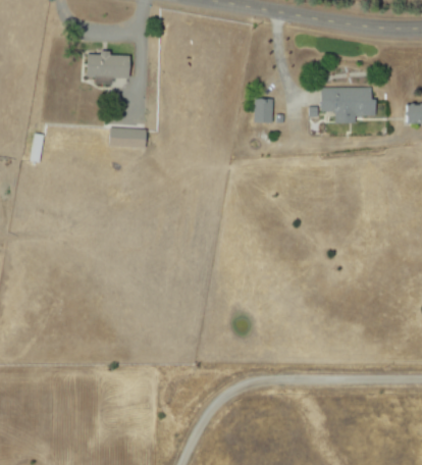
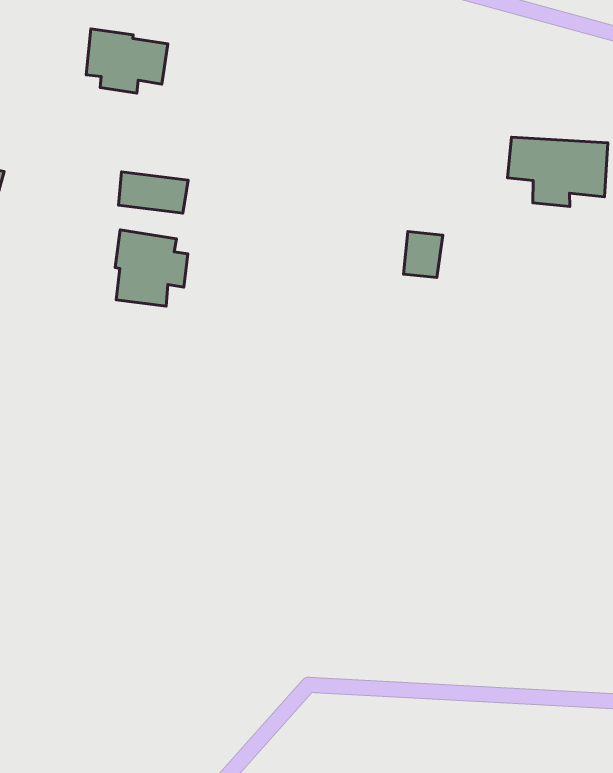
building: [255,99,274,122] -> [404,232,443,277]
building: none -> [115,230,188,306]

